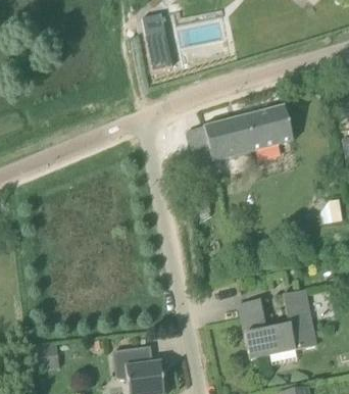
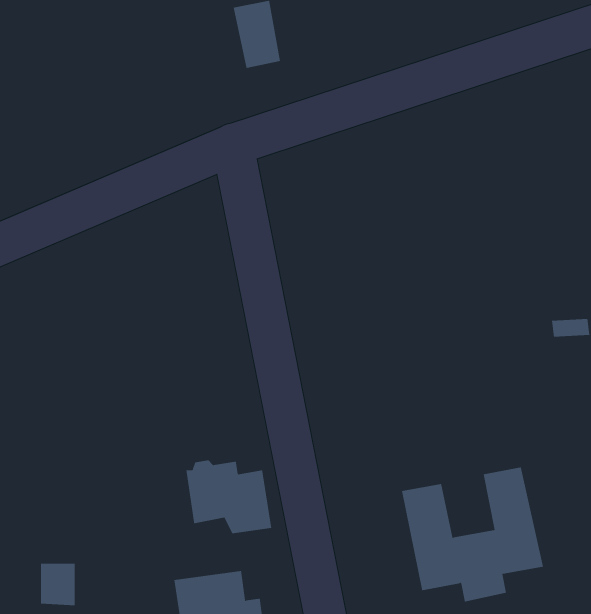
building: [203,104,293,160] -> none
building: none -> [186,459,272,534]

